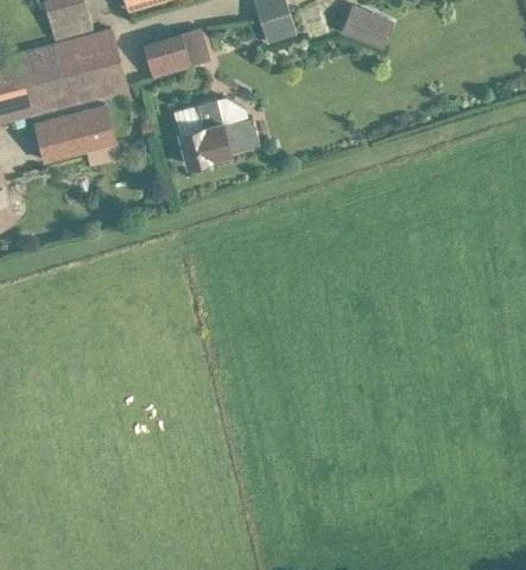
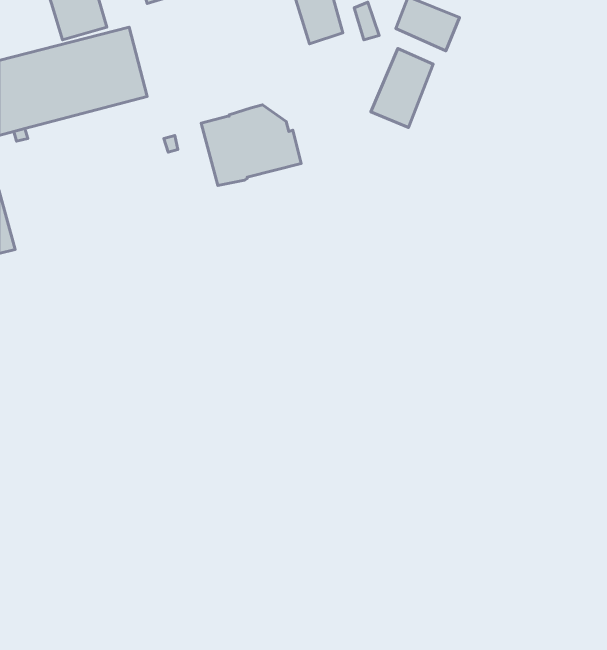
building: [142,27,209,77] -> none
building: none -> [371,48,433,127]
building: [34,104,115,162] -> none

